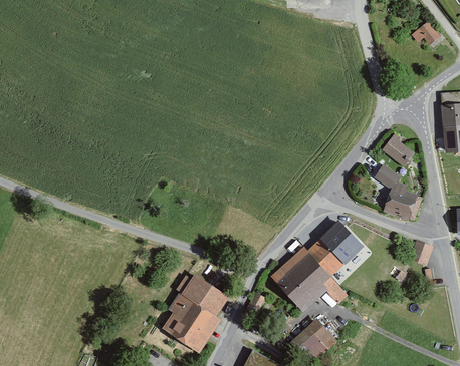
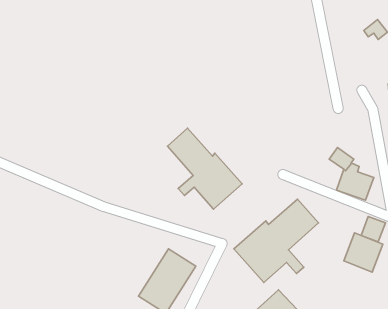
building: [382,132,415,166] -> none
building: none -> [167,128,242,209]
building: none -> [344,233,383,272]

